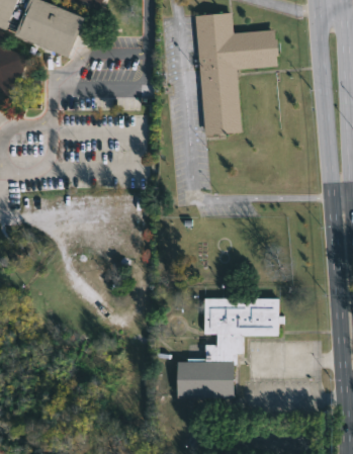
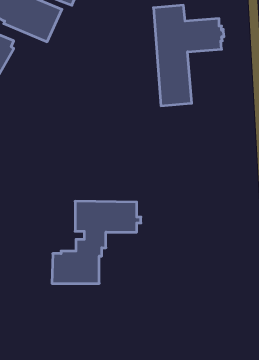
building: [177,298,285,398] -> [52,201,141,283]

